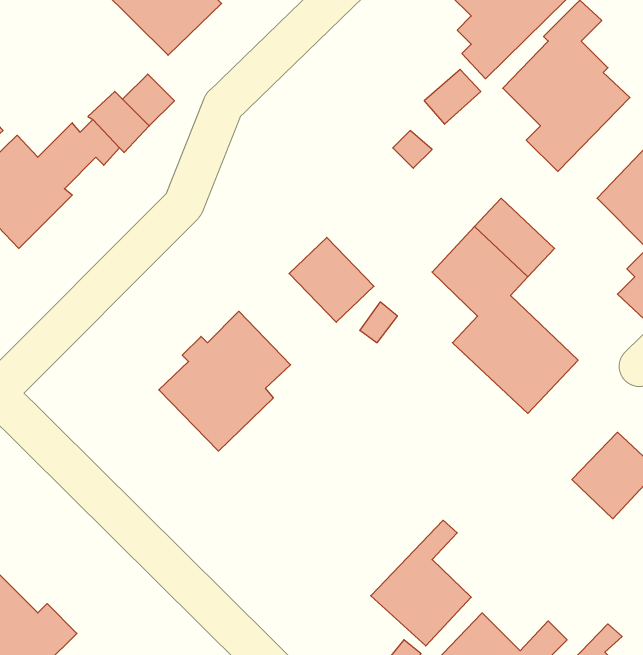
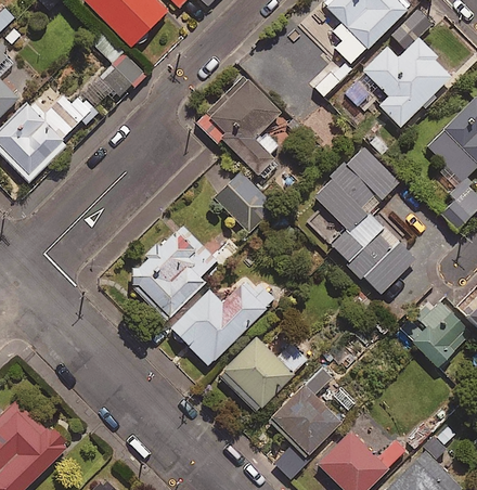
building: none -> [198,77,281,176]
building: none -> [171,279,275,365]
building: none -> [220,337,308,411]

